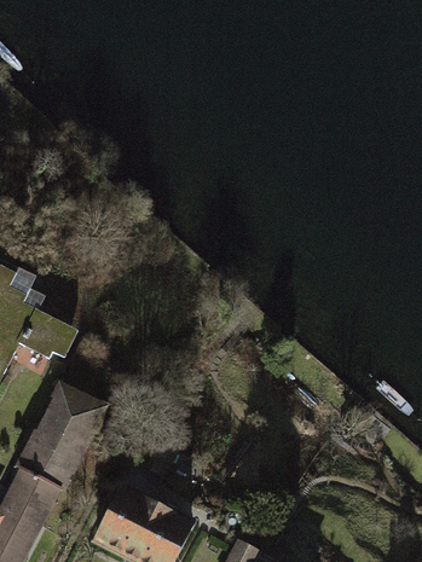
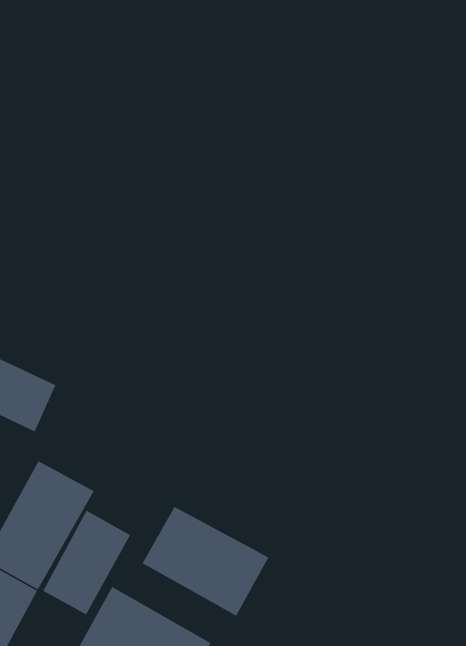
building: none -> [141,506,269,617]
building: none -> [42,509,131,616]

